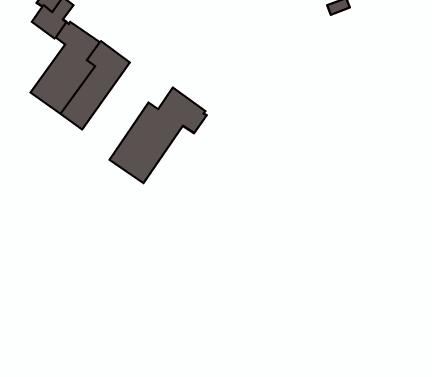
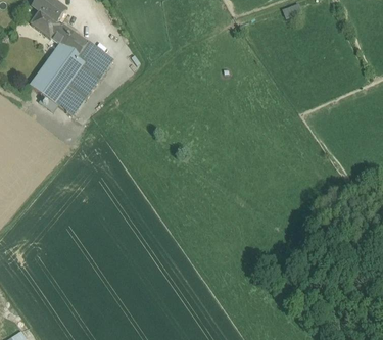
building: [109,87,207,183] -> none

